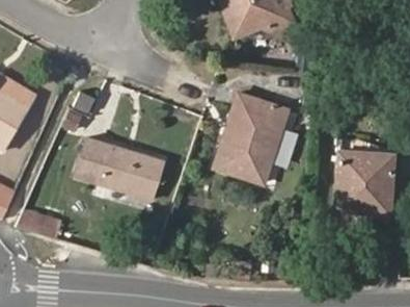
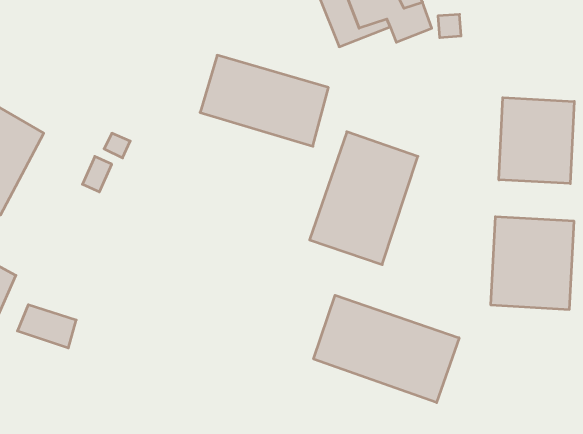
building: none -> [499,98,574,184]
building: [76,137,162,199] -> [200,55,328,146]
building: none -> [314,295,459,403]

